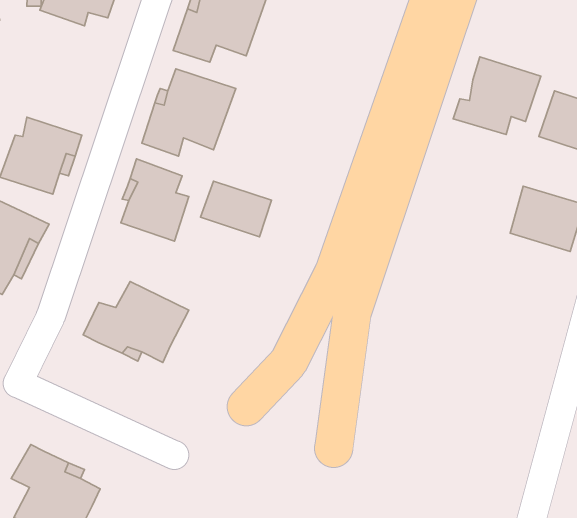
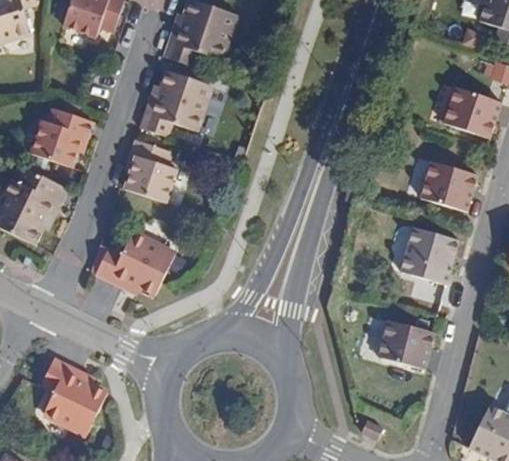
building: [453,57,541,134] -> none
building: [200,181,271,237] -> none
building: none -> [400,225,459,284]
building: none -> [378,320,434,369]

